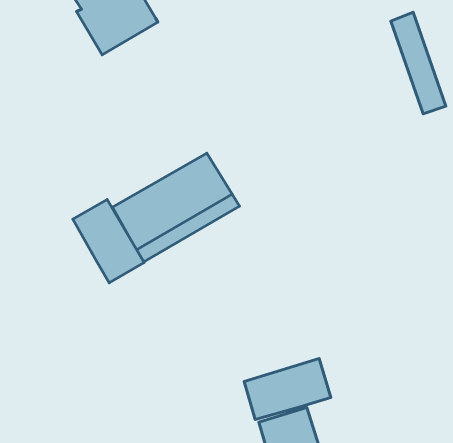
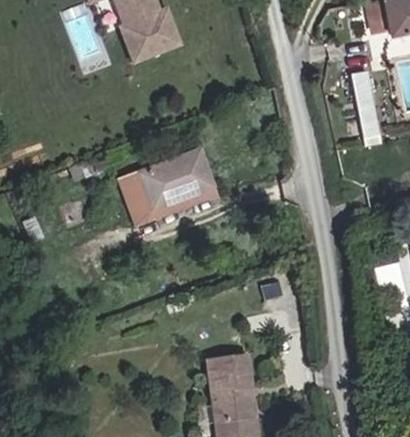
building: [73,199,144,283] -> none
building: [244,359,331,420] -> none

